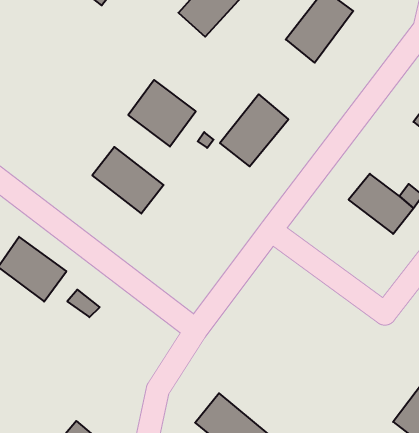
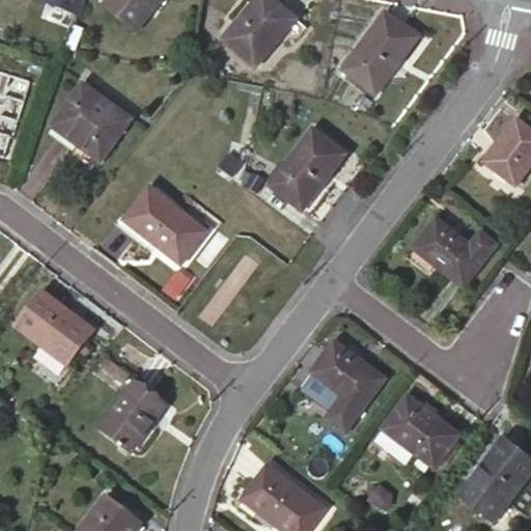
building: [128,80,196,147] -> [53,85,129,160]
building: none -> [313,341,385,429]
building: none -> [104,383,166,447]
building: none -> [384,396,459,468]

